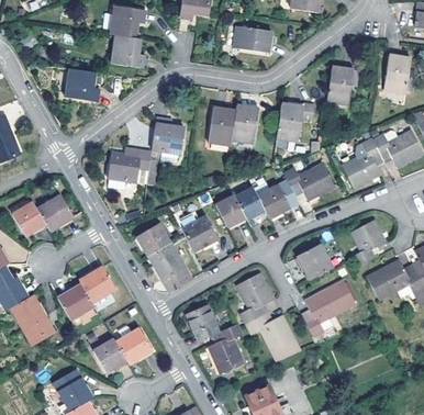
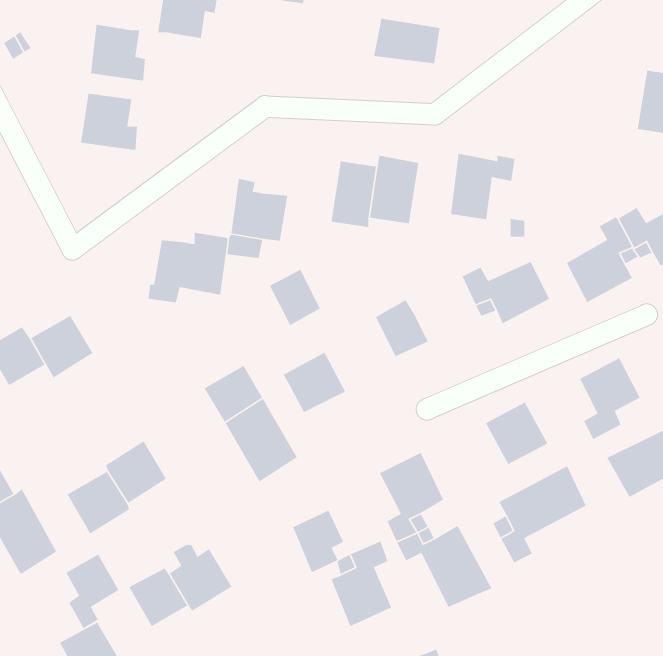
building: [112,34,144,67] -> [90,24,146,82]
building: [327,66,359,103] -> none
building: [257,183,290,217] -> none
building: [215,194,245,227] -> [269,268,321,326]
building: none -> [65,553,120,629]

